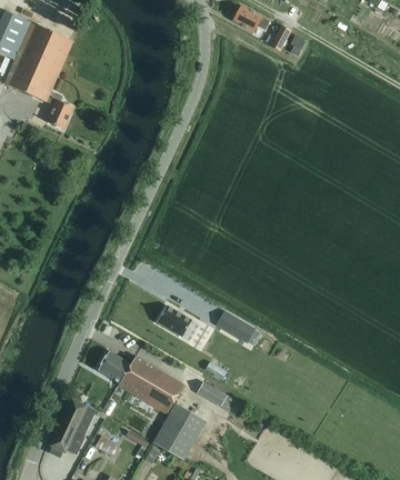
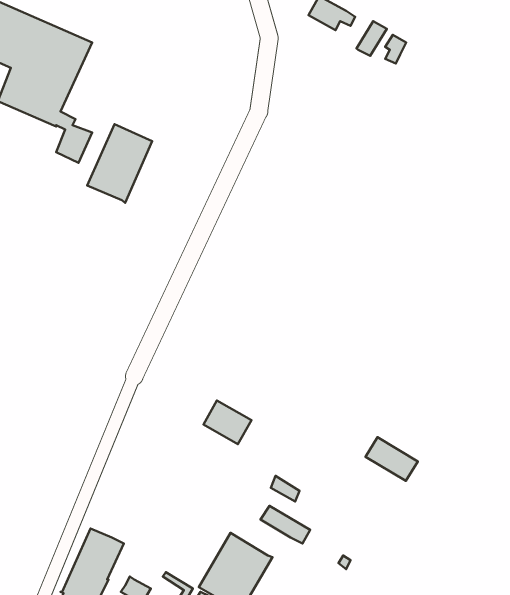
building: none -> [87,124,152,203]
building: [216,310,254,342] -> [365,437,418,481]
building: [98,351,184,414] -> none

